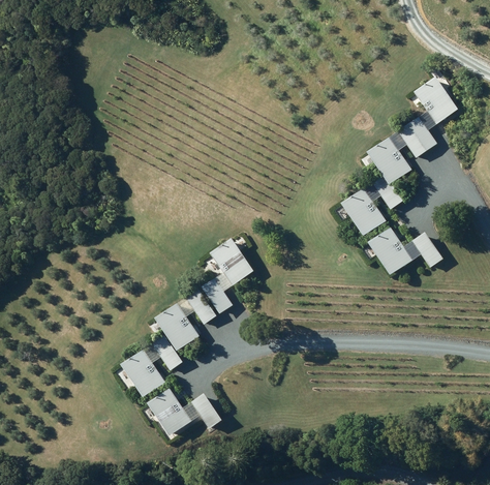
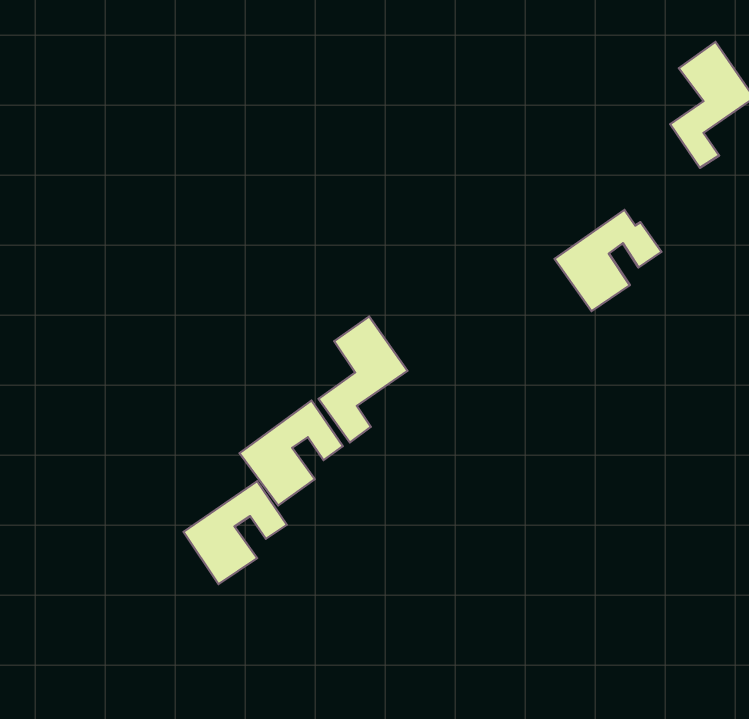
building: [367,125,426,185] -> none
building: [367,228,442,275] -> none
building: [147,389,222,435] -> none

